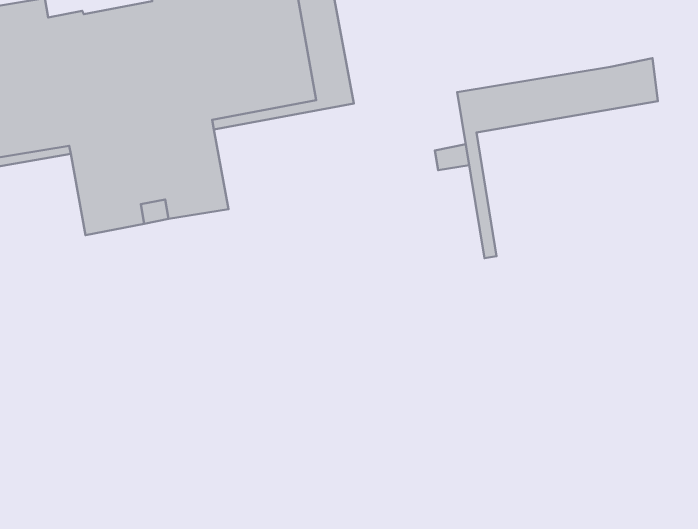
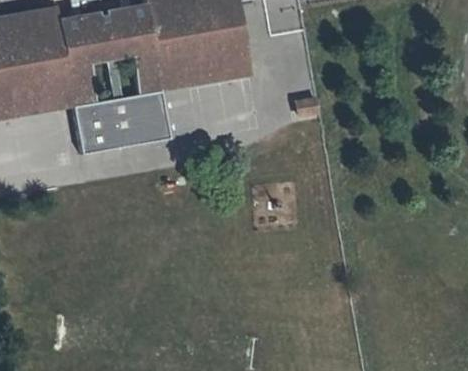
building: [457,58,658,258] -> none

